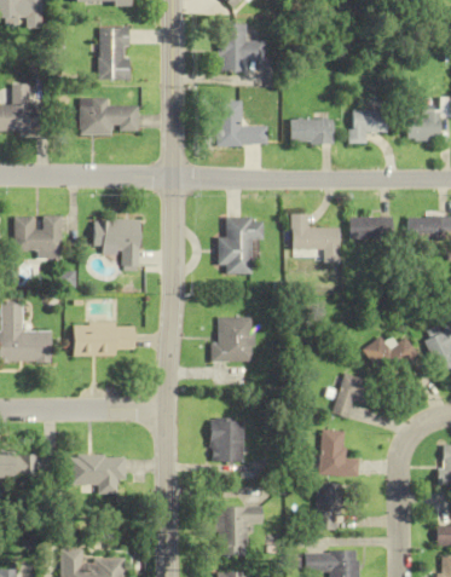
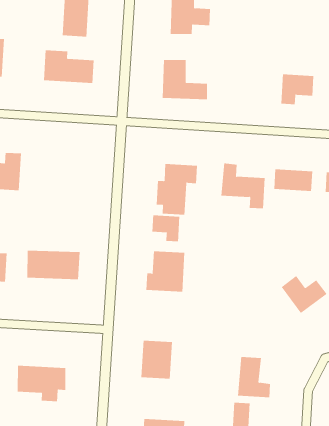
building: [290,117,334,142] -> none
building: [94,219,139,270] -> none
building: none -> [152,215,180,242]
building: [333,373,376,417] -> none

